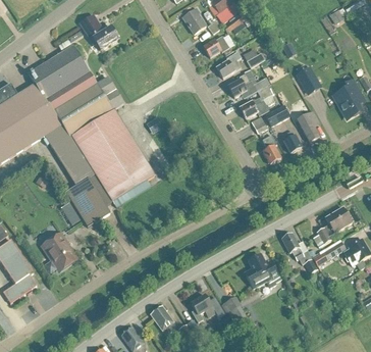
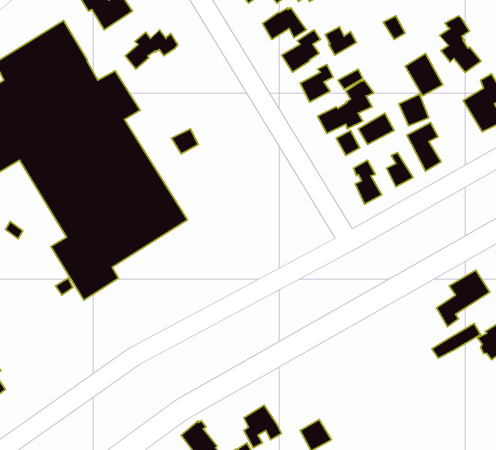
building: none -> [440,16,481,73]
building: none -> [125,30,178,69]
building: [282,233,317,273] -> none
building: [43,234,73,269] -> none
building: [246,254,281,288] -> none

